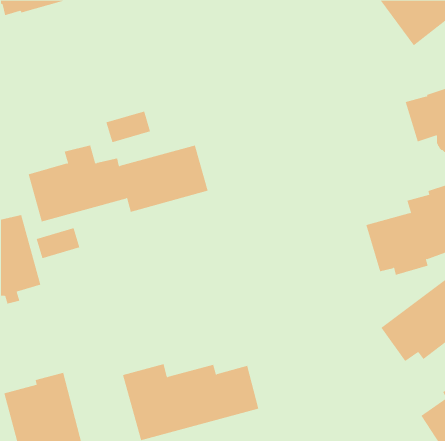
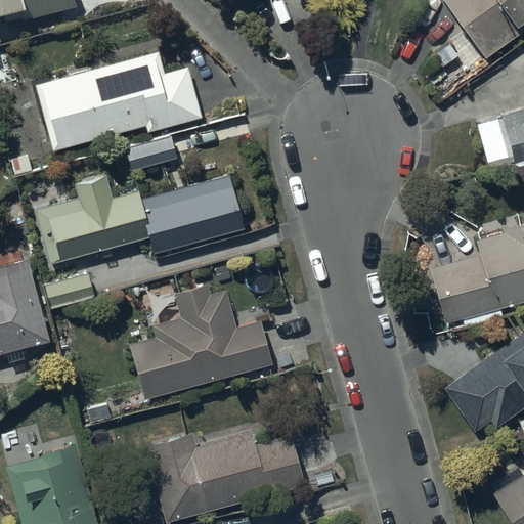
building: none -> [35,52,202,151]
building: none -> [130,286,272,399]

